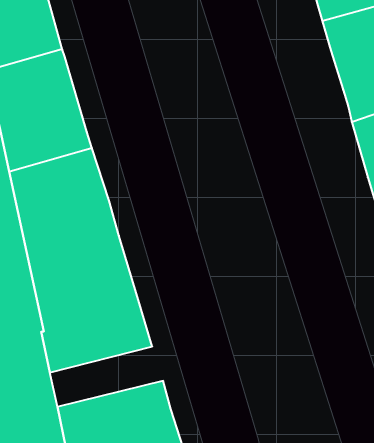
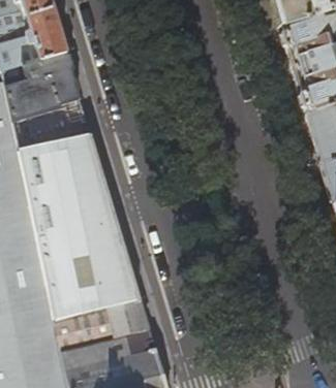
building: none -> [54,294,149,345]

